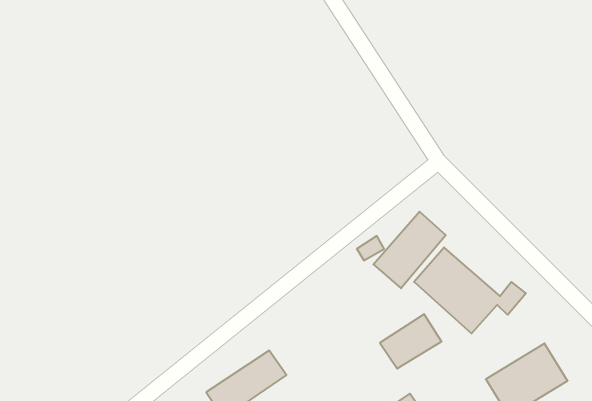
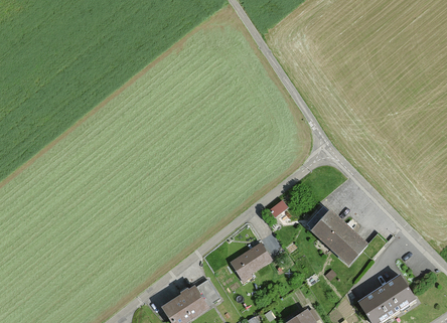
building: [373,212,446,288] -> none
building: [380,314,442,369] -> [229,241,272,280]

